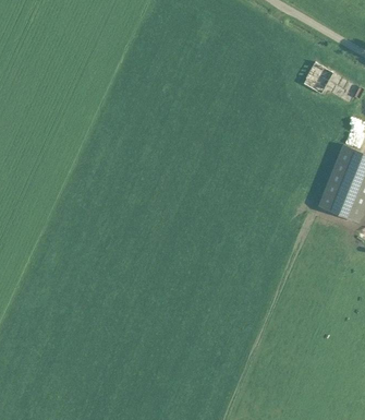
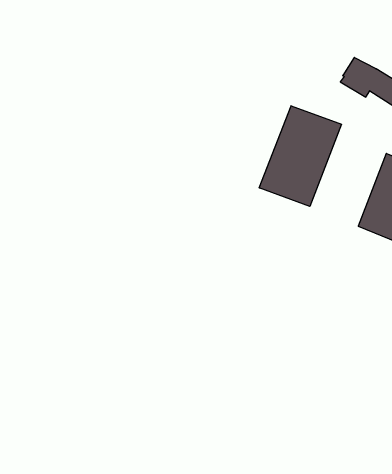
building: none -> [259,106,342,206]

